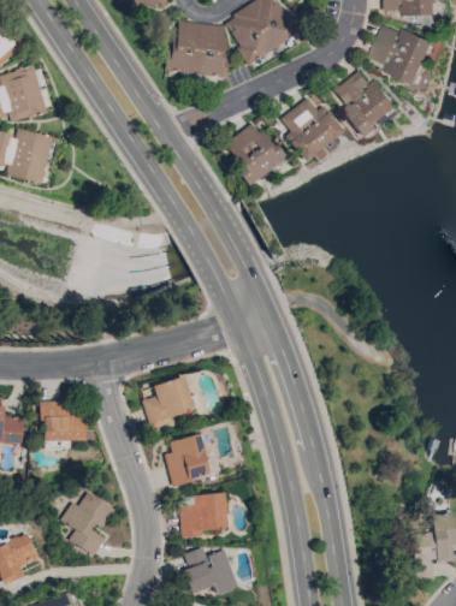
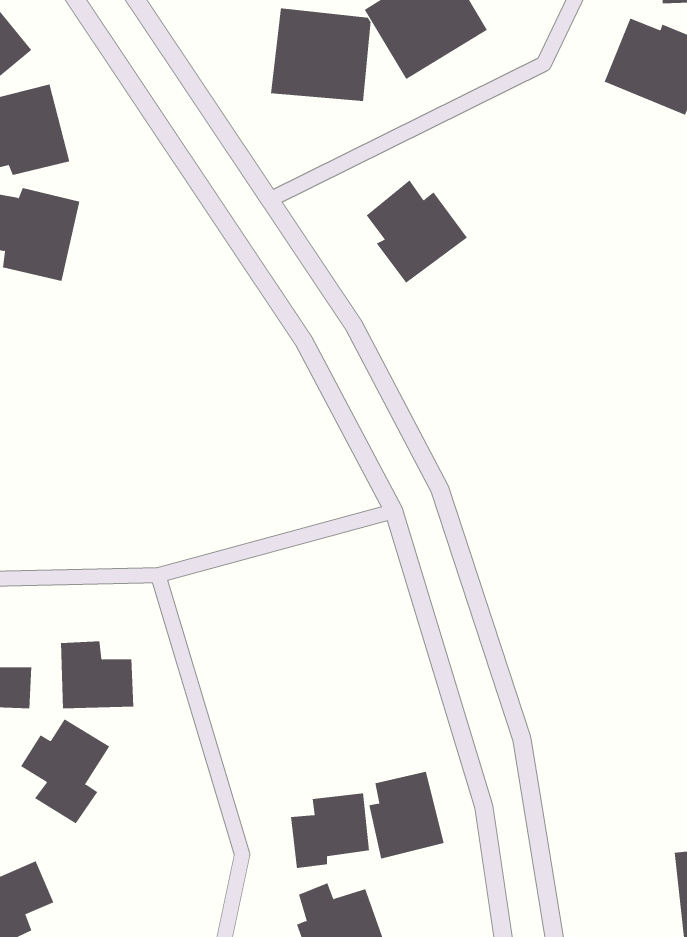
building: [331,70,399,135] -> none
building: [279,97,343,161] -> none
building: [143,375,195,424] -> none
building: [165,433,211,486] -> [368,771,444,859]
building: [60,492,114,556] -> [20,718,110,824]

